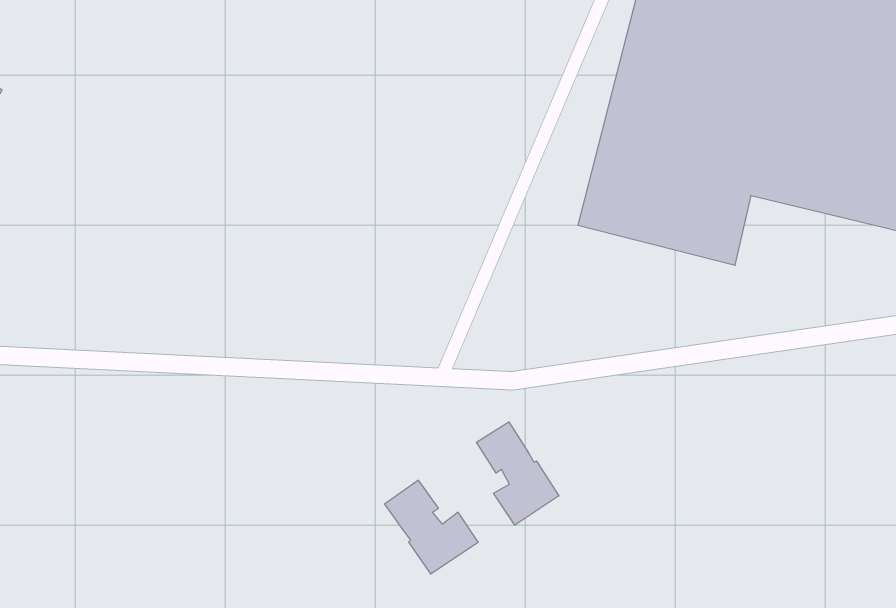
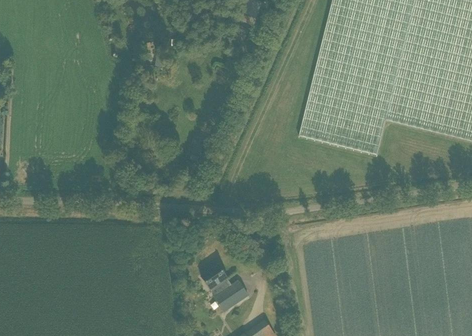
building: [477,422,559,525] -> none

